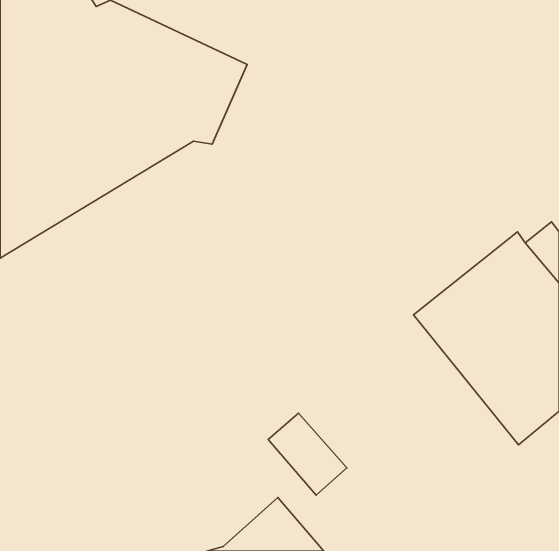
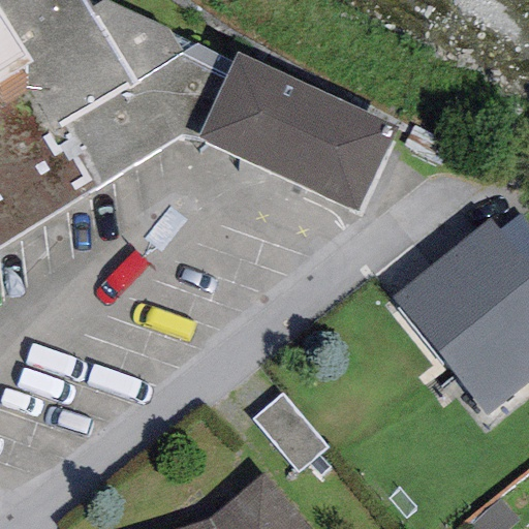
building: none -> [197,55,397,212]

